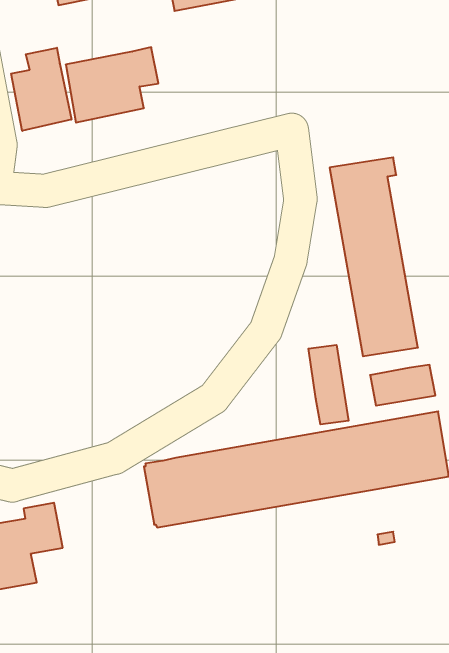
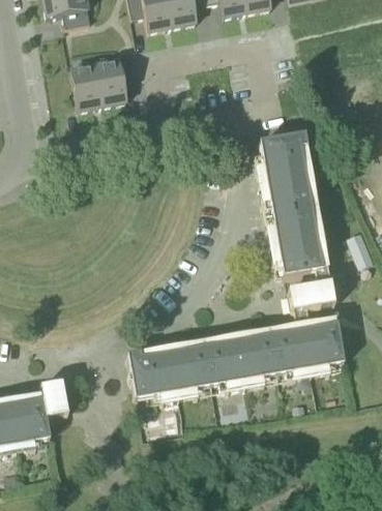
building: [11,48,71,131] -> none
building: [308,345,349,424] -> none

